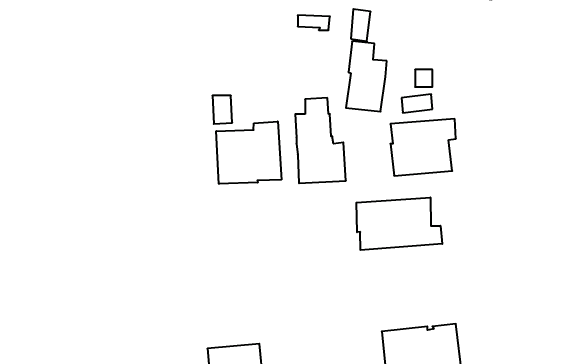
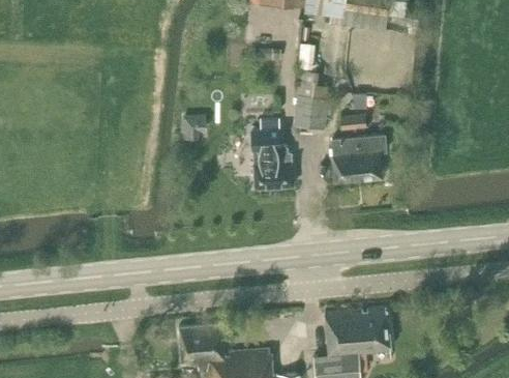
building: [216,121,281,184] -> none
building: [356,197,442,250] -> none

